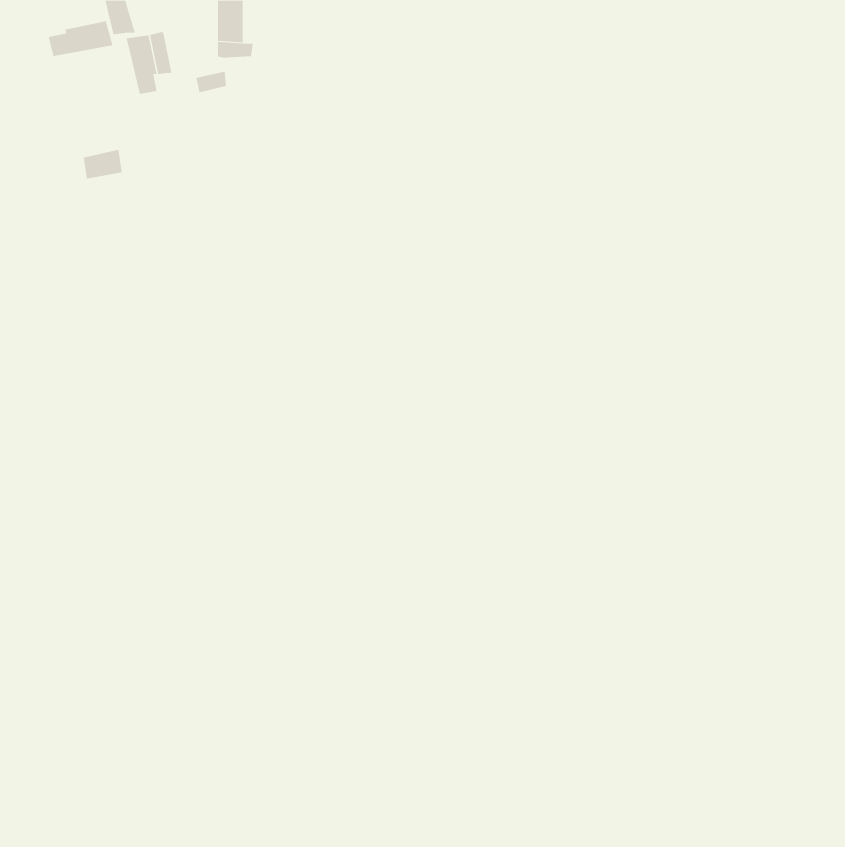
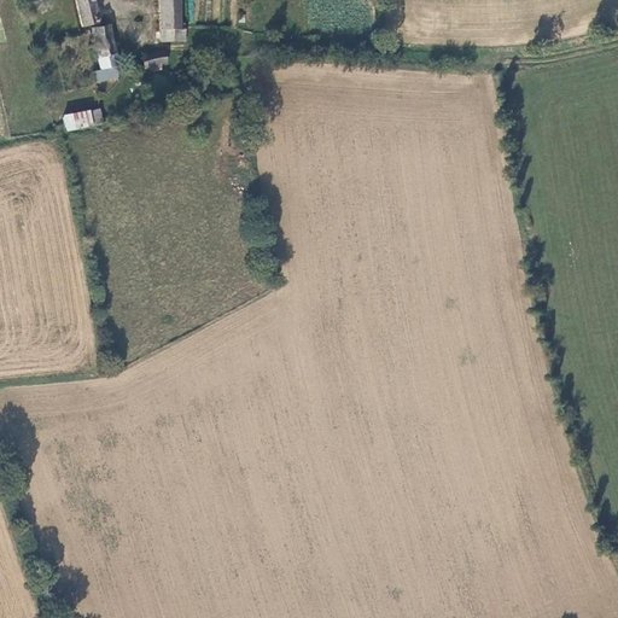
building: [48,21,113,57] -> none

